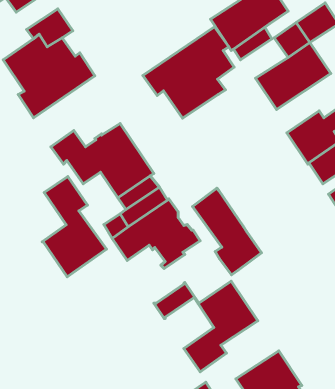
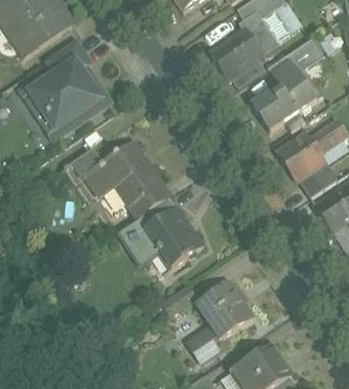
building: [143,27,234,118] -> none
building: [42,176,107,277] -> none
building: [193,188,261,275] -> none

